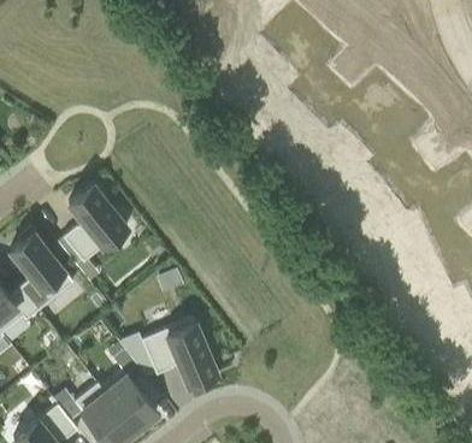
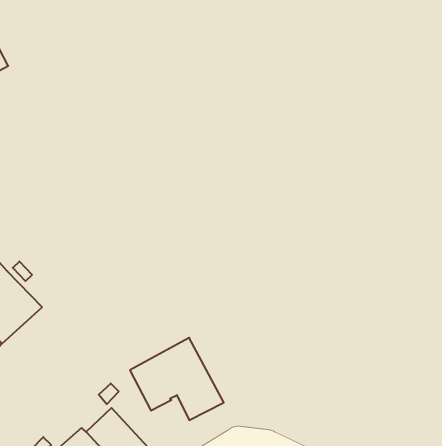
building: [63,185,128,264] -> none

